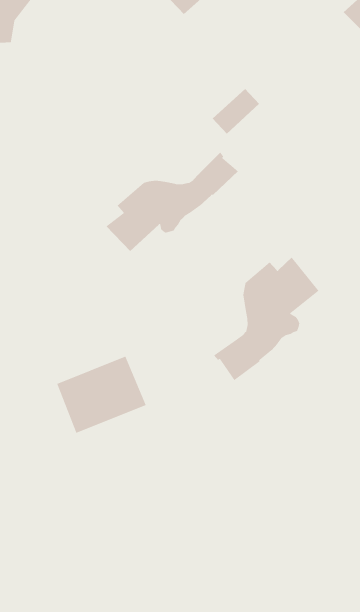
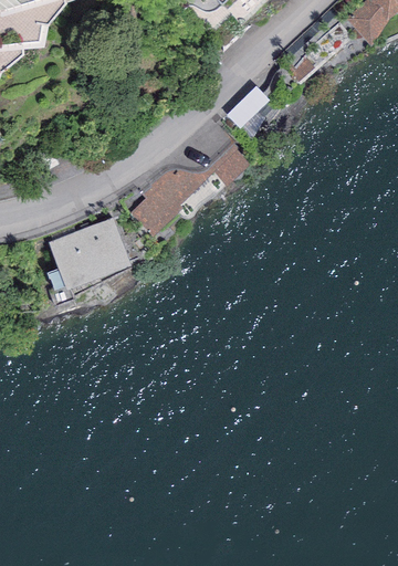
building: [213,256,320,381] -> none
building: [56,355,147,434] -> [50,216,132,286]

